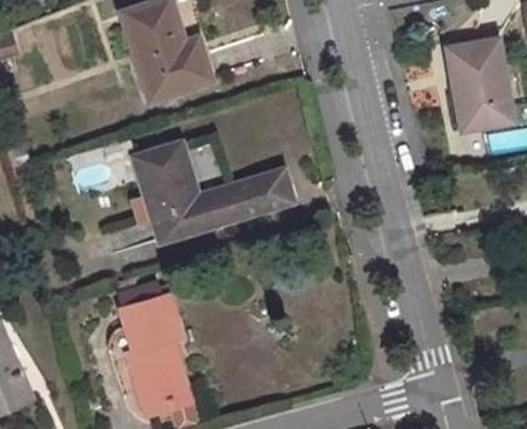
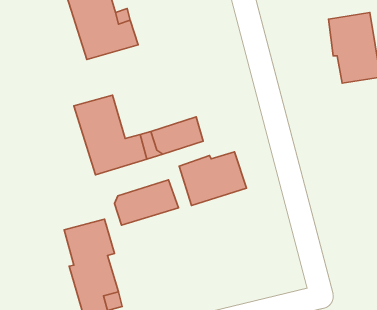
building: none -> [179,152,247,205]
building: none -> [115,180,179,225]

